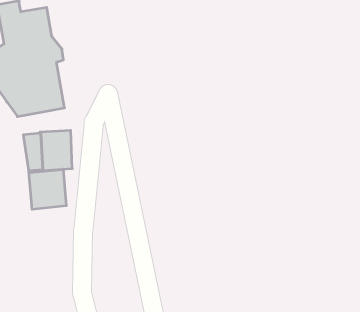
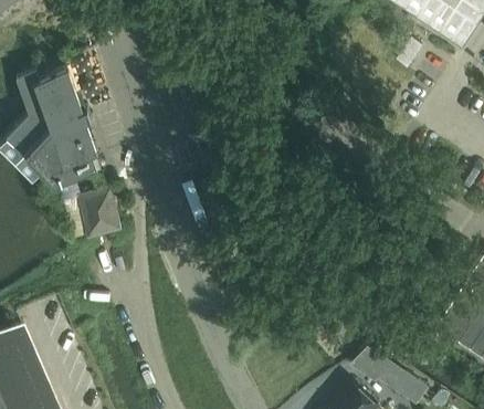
building: [29,169,66,209] -> none

